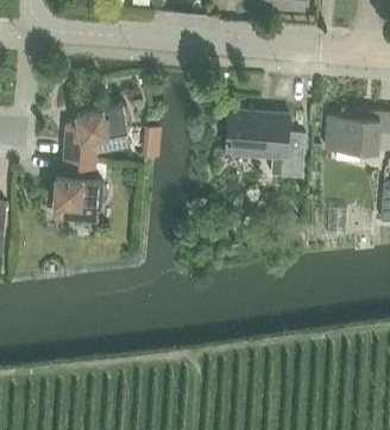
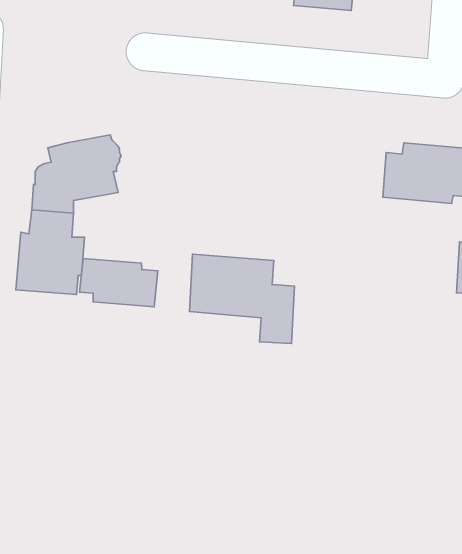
building: [226,109,304,176] -> [189,254,295,343]
building: none -> [80,259,158,307]

